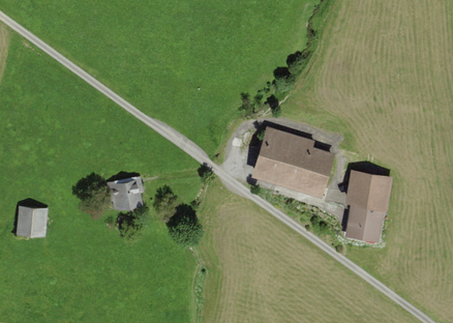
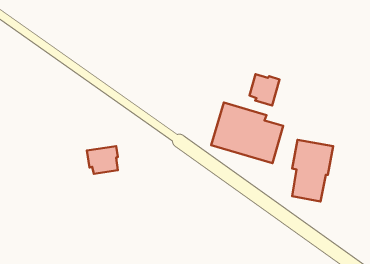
building: none -> [249,74,280,106]
building: [17,206,49,236] -> none

